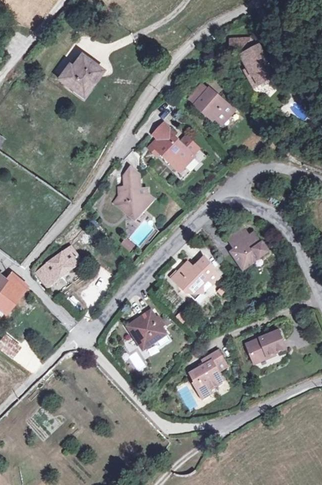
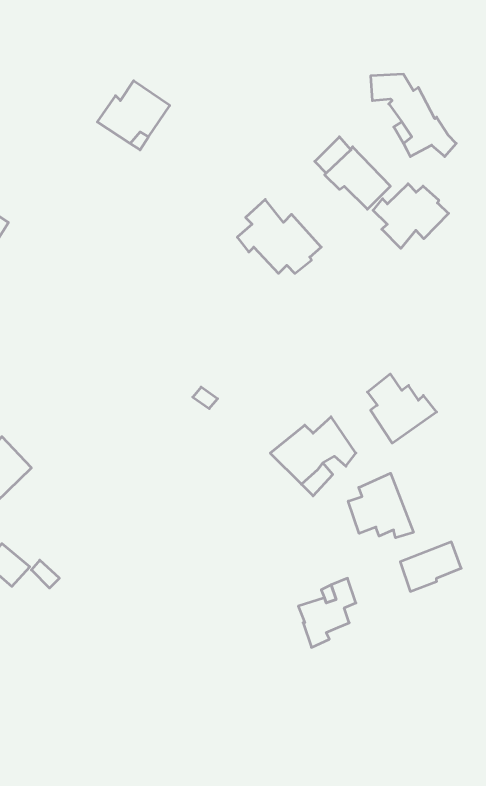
building: none -> [373,184,449,248]
building: [115,176,152,221] -> none
building: [31,244,84,279] -> none
building: none -> [348,473,413,538]
building: [125,314,164,351] -> none

